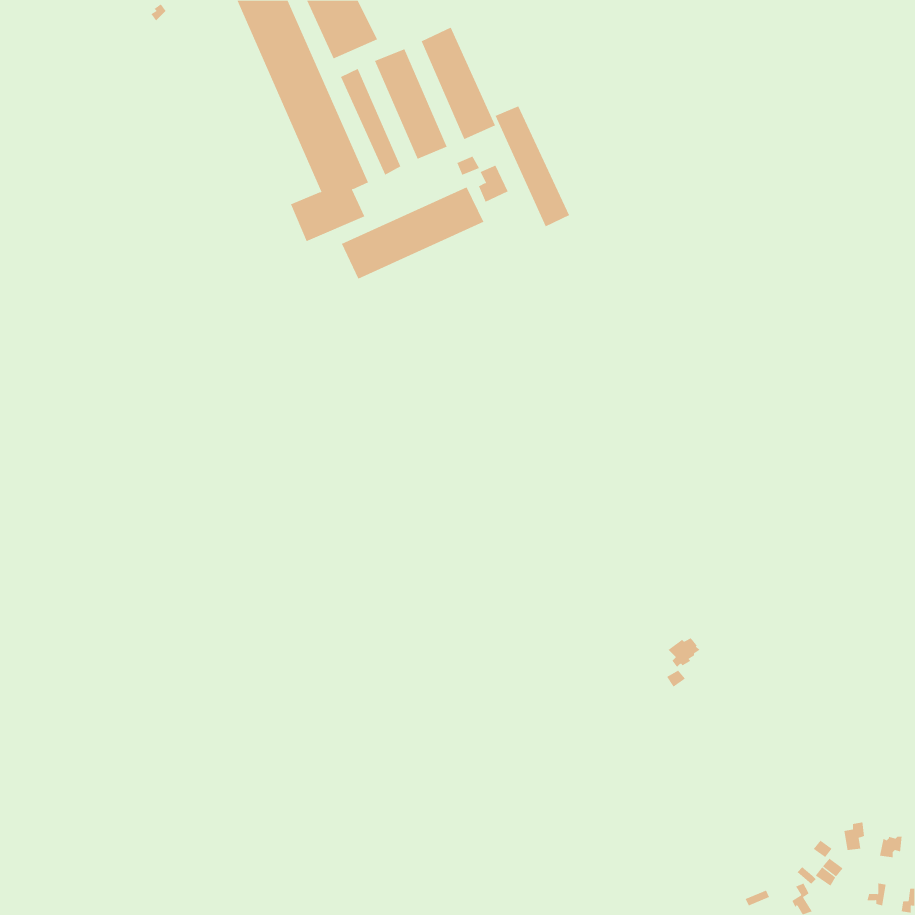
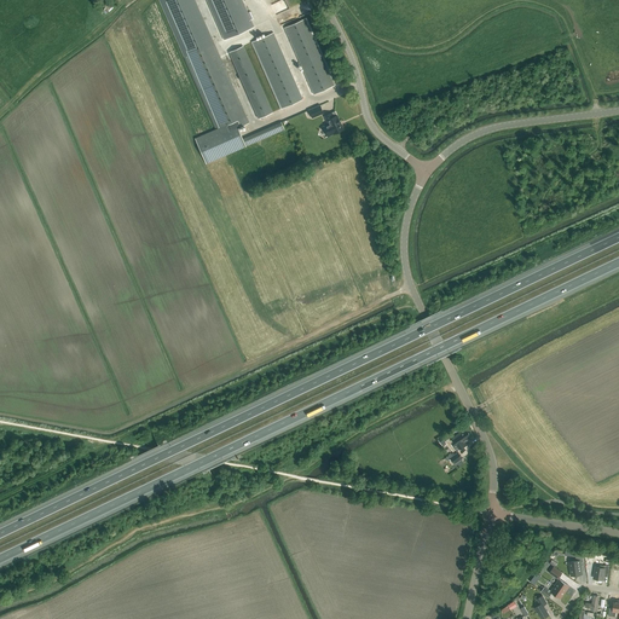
building: [495,105,570,227] -> none
building: [341,186,484,279] -> none

